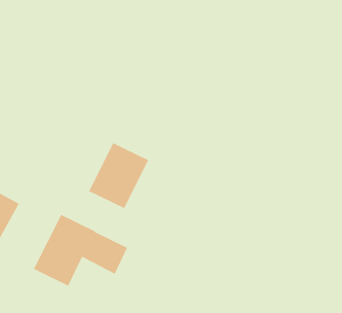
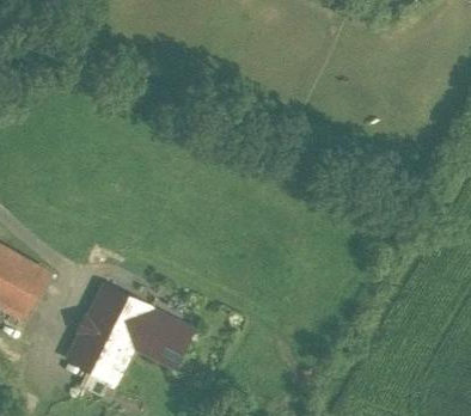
building: [88,142,149,209] -> none

